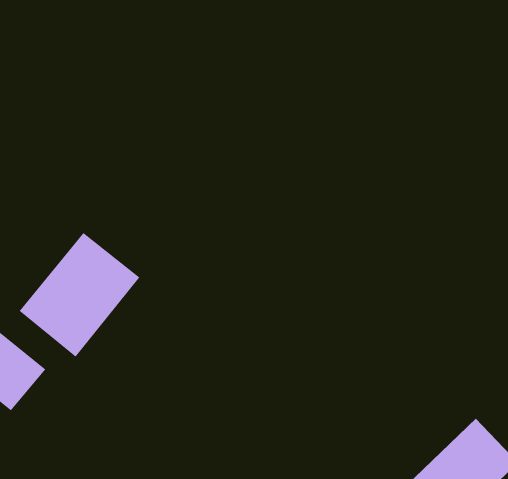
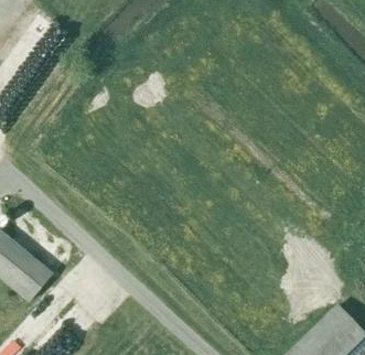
building: [19,232,140,357] -> none

